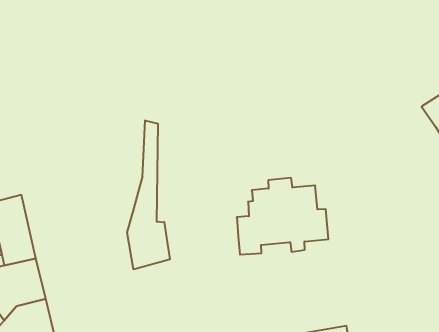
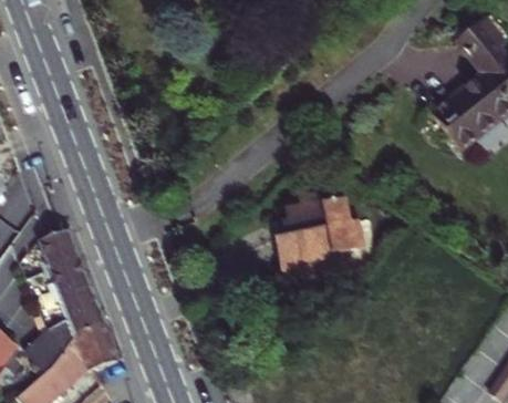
building: [127,120,170,269] -> none

